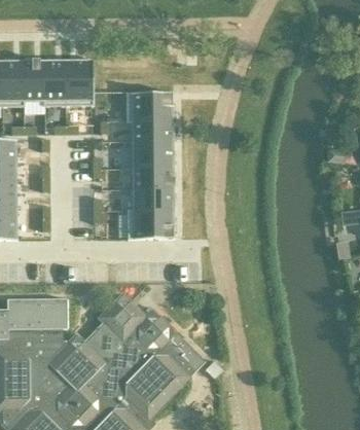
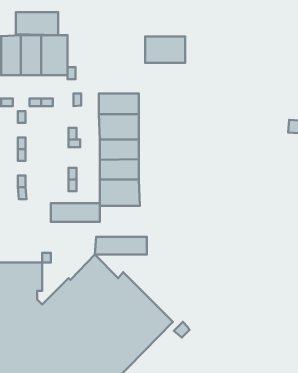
building: none -> [16,12,58,35]
building: [127,93,169,120] -> [145,36,185,63]
building: none -> [51,203,100,222]
building: none -> [95,237,147,255]

